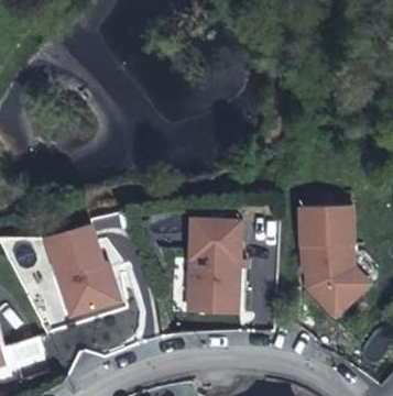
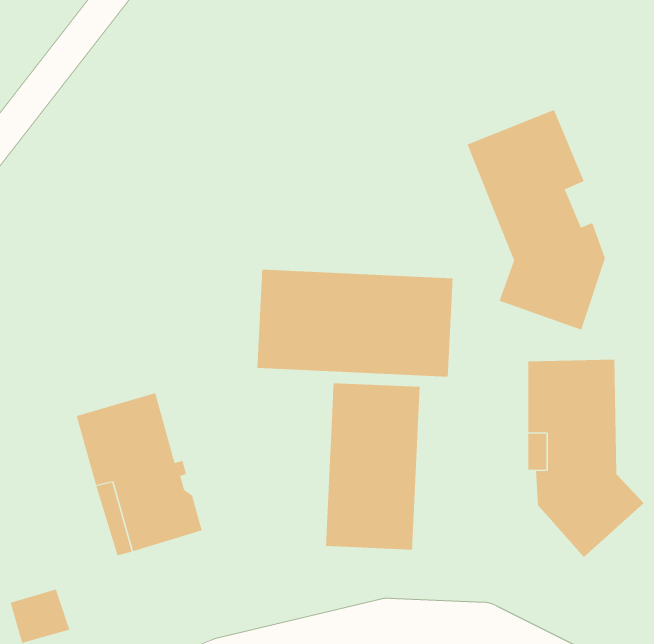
building: none -> [467,109,605,331]
building: none -> [257,269,453,378]

